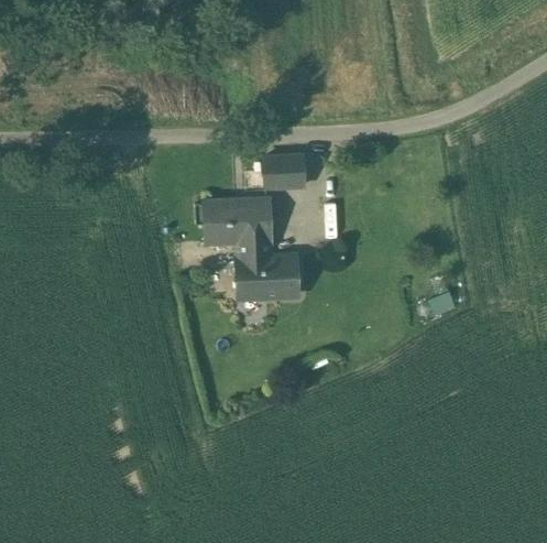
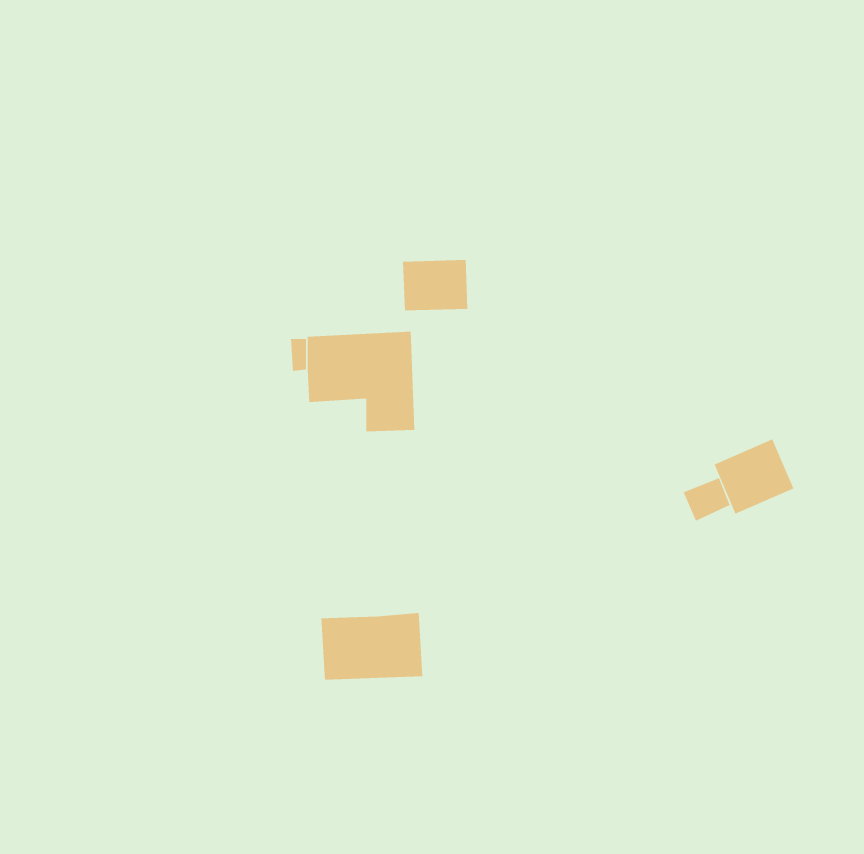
building: [238,257,299,297] -> [321,612,423,680]
building: none -> [714,439,794,514]

